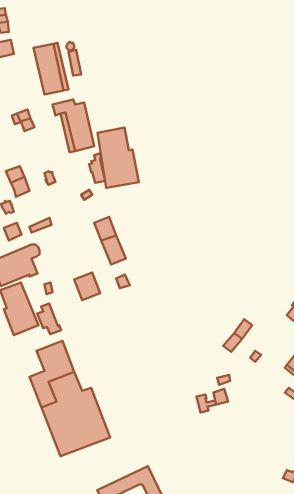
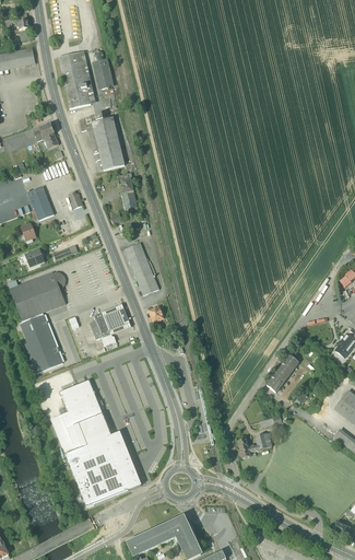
building: [97,128,139,188] -> none
building: [37,303,61,334] -> [90,311,116,345]

